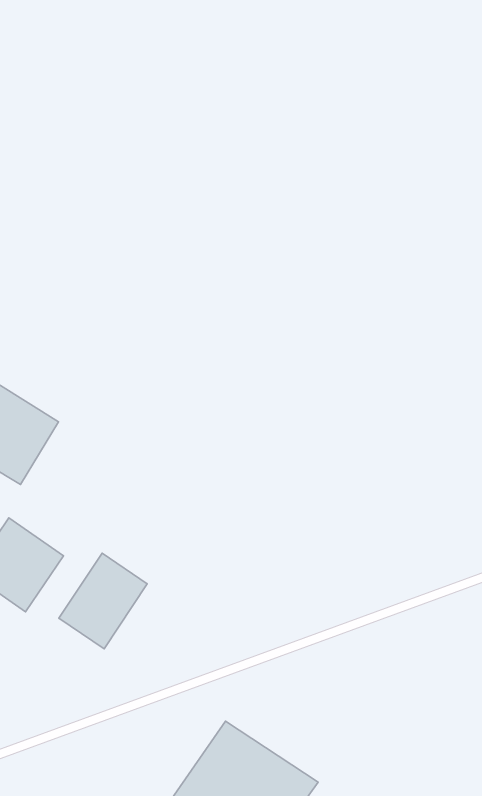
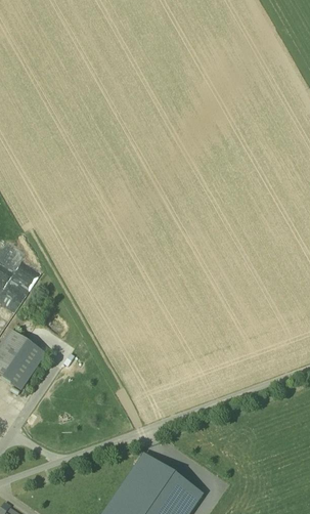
building: [59,553,147,649] -> none

